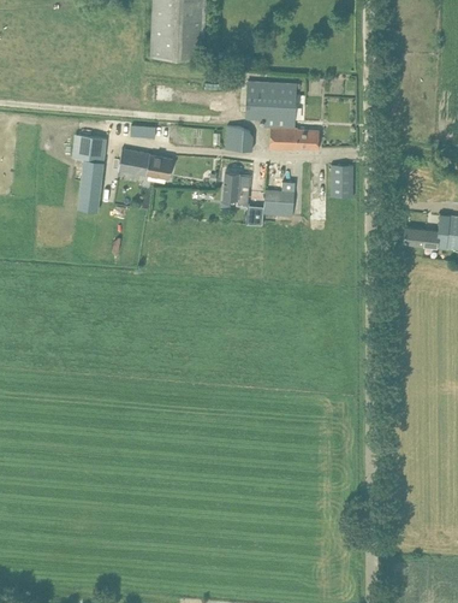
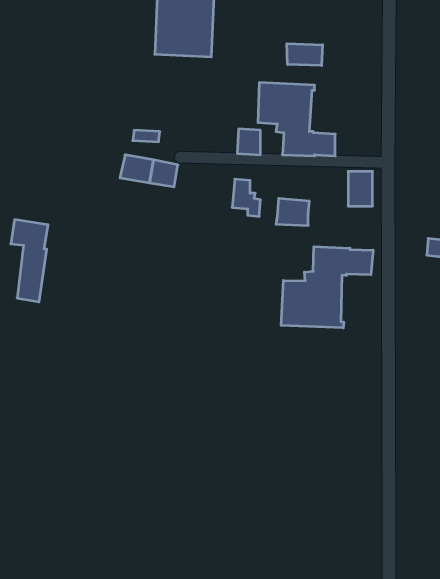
building: none -> [287,44,323,66]
building: [71,135,106,212] -> [11,220,48,302]
building: none -> [281,247,373,328]

